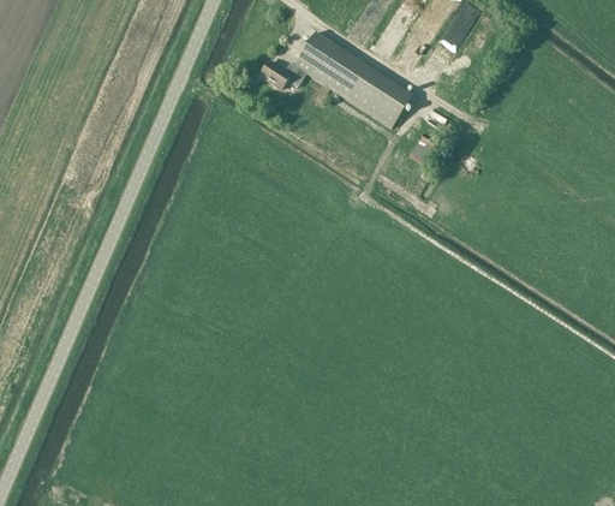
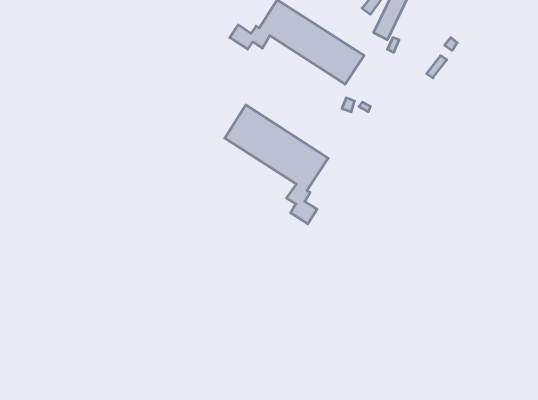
building: none -> [225,105,328,224]

